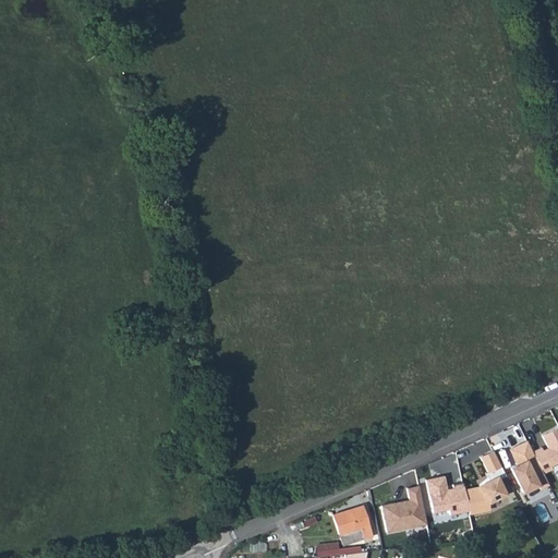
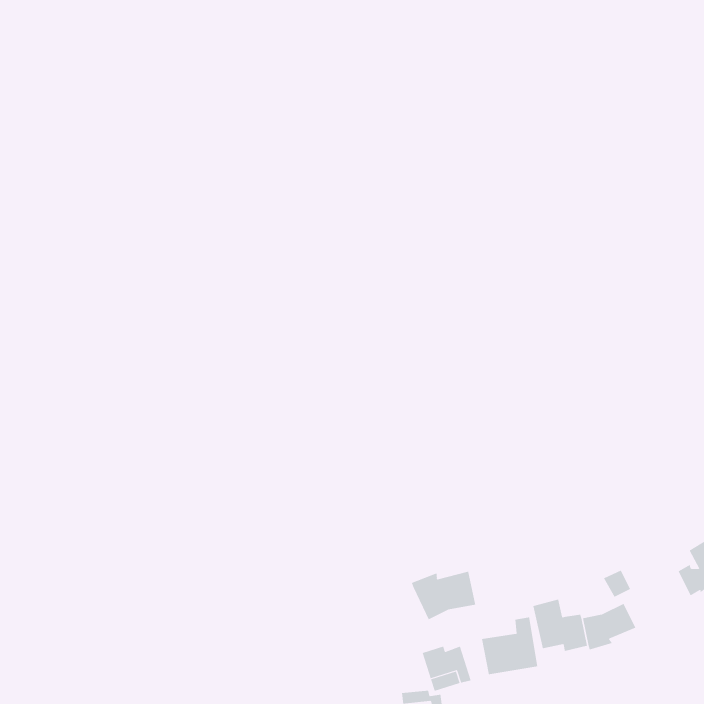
building: [509,441,545,493] -> none
building: none -> [411,571,476,620]

